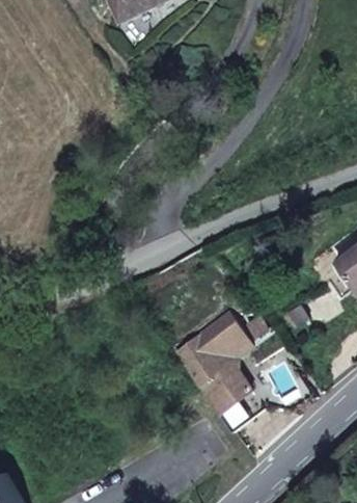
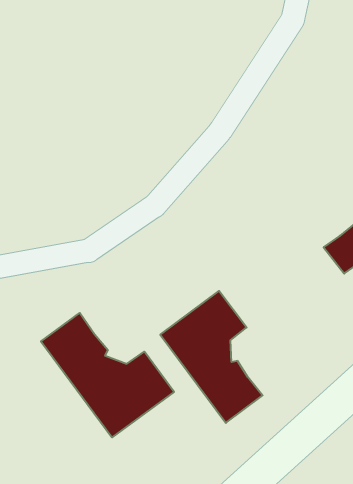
building: none -> [41,313,174,437]

